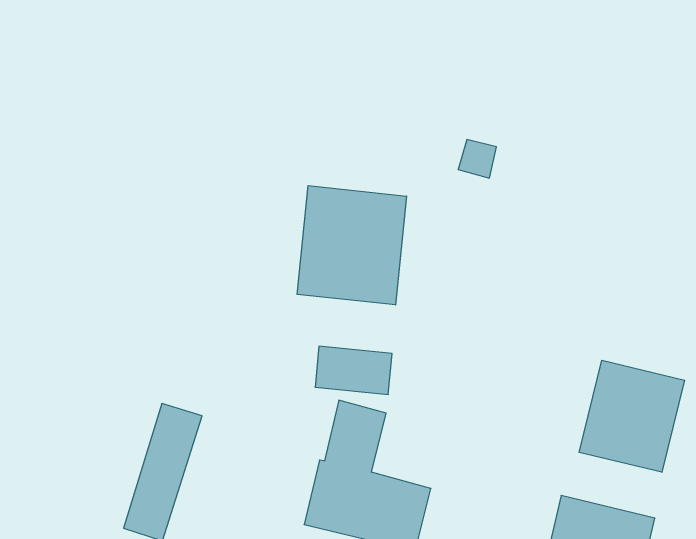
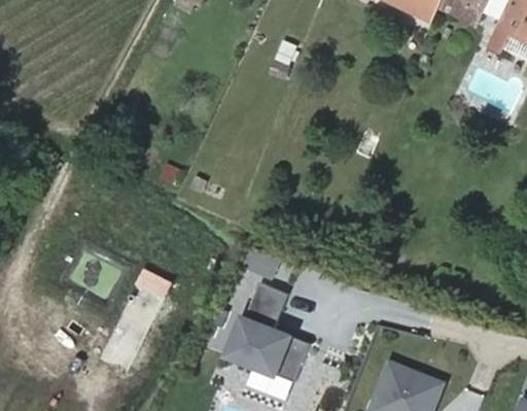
building: [297,186,407,305] -> none
building: [579,360,685,472] -> none

